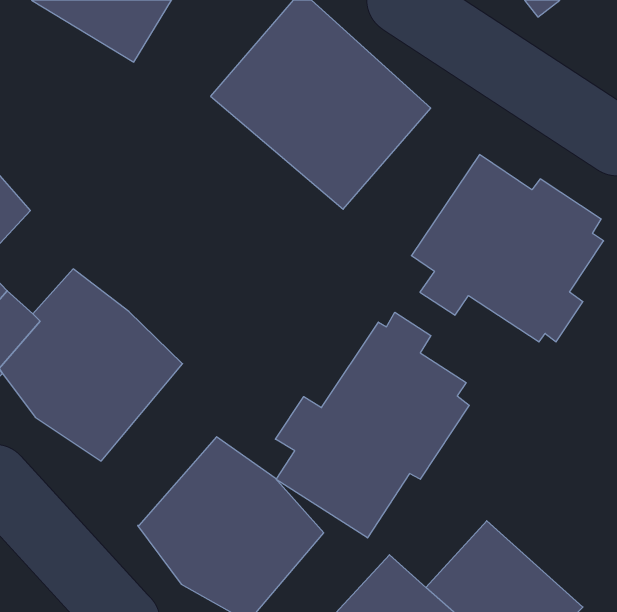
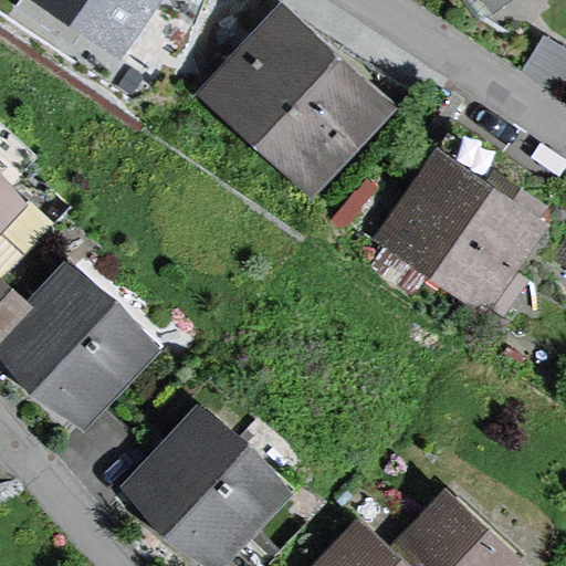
building: [275,312,469,538] -> none

